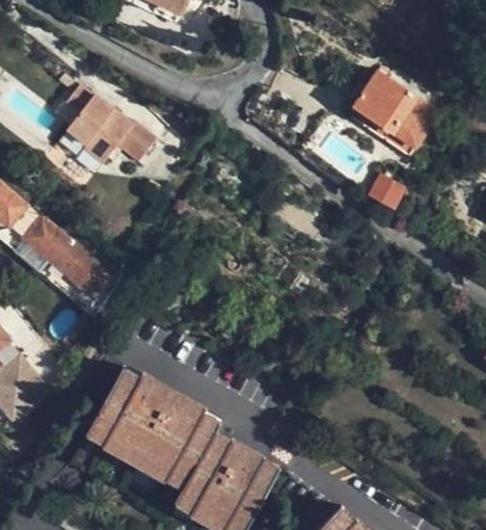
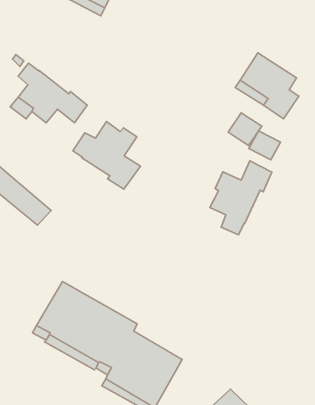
building: none -> [228,113,262,146]
building: none -> [73,122,141,189]
building: none -> [210,161,272,235]

